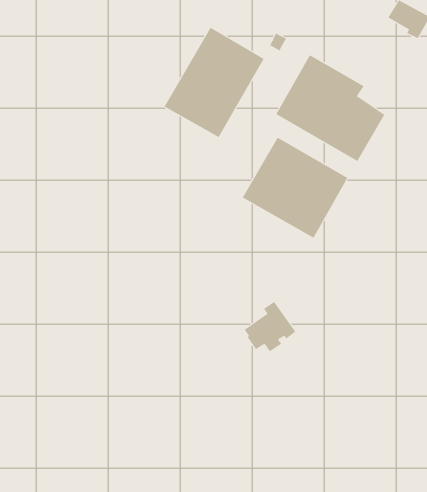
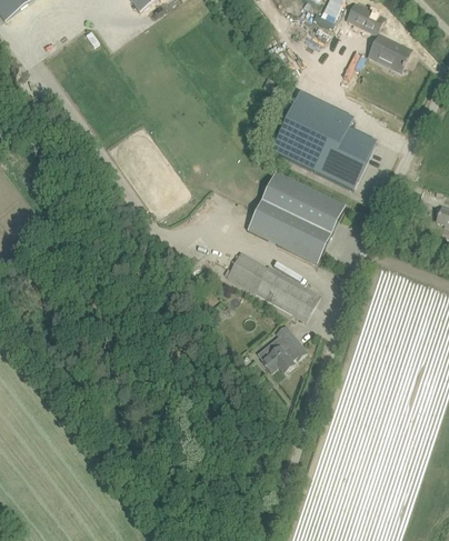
building: [164,27,264,138] -> none
building: none -> [226,251,320,321]

